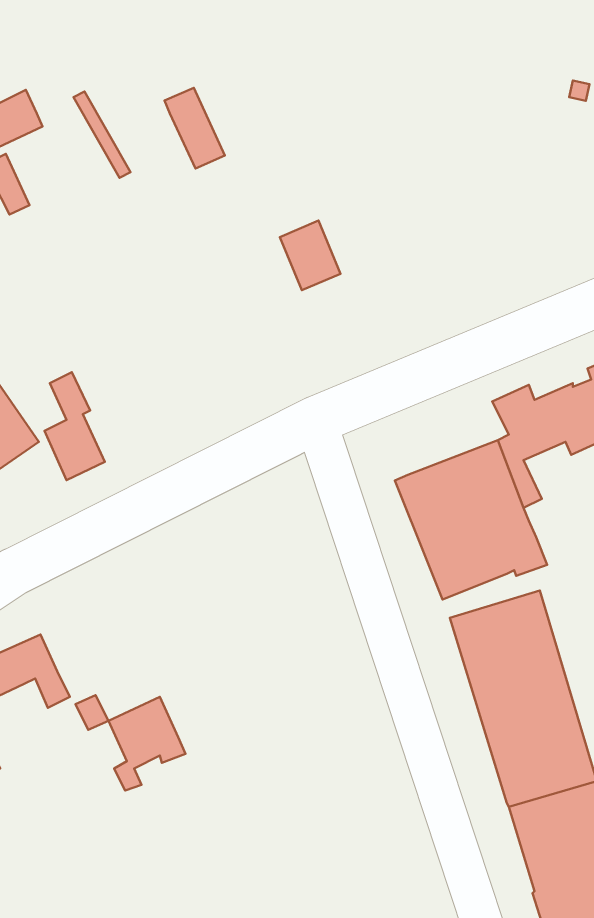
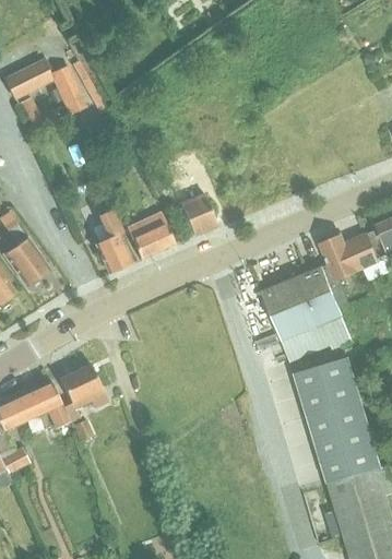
building: [164,88,225,168] -> [48,64,84,112]
building: [280,221,340,290] -> [180,192,216,234]
building: none -> [127,212,175,257]
building: [44,372,105,480] -> [95,207,131,272]
building: [109,697,186,790] -> [58,364,104,419]

